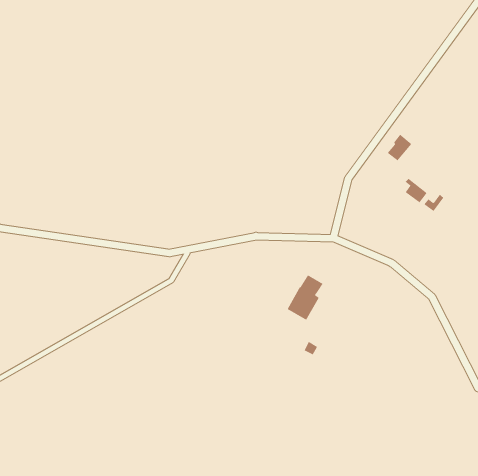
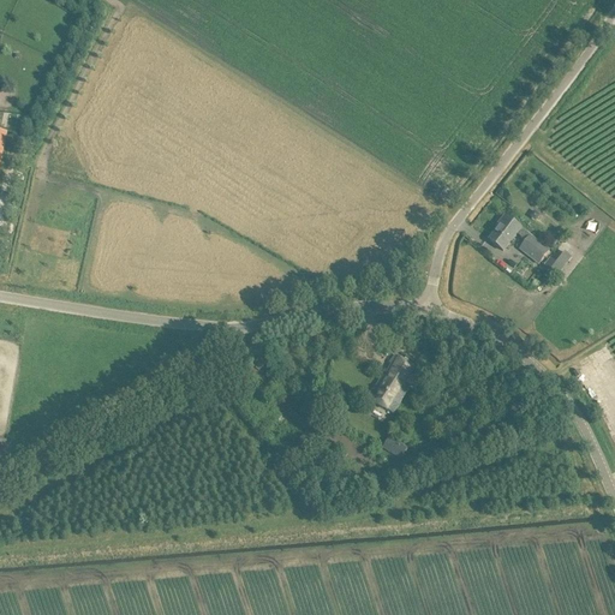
building: [387,134,412,161] -> [488,213,520,247]

